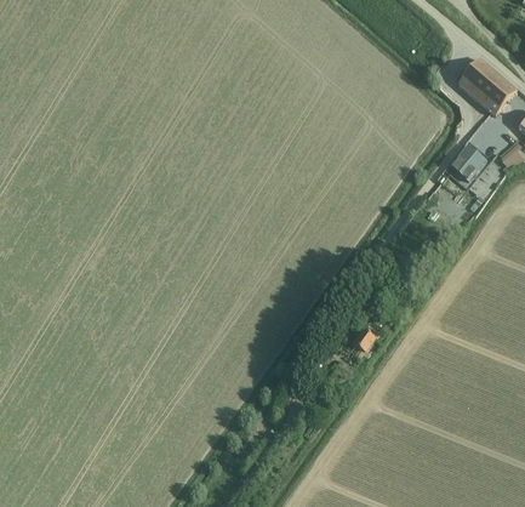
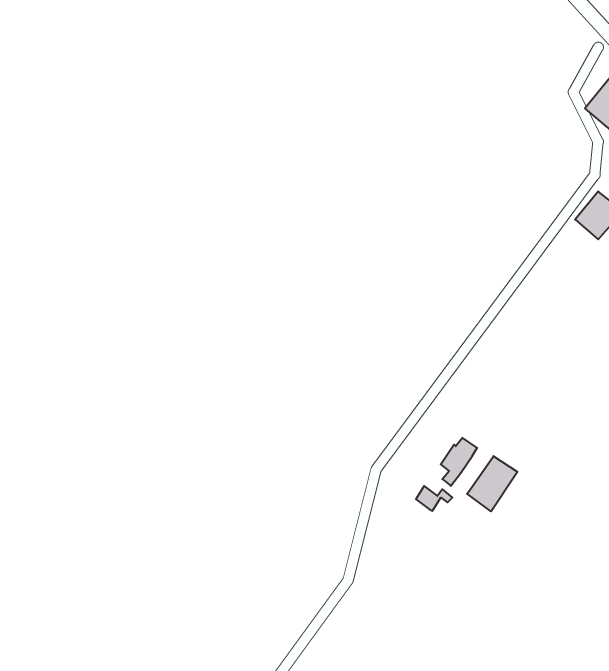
building: none -> [467,456,517,511]

